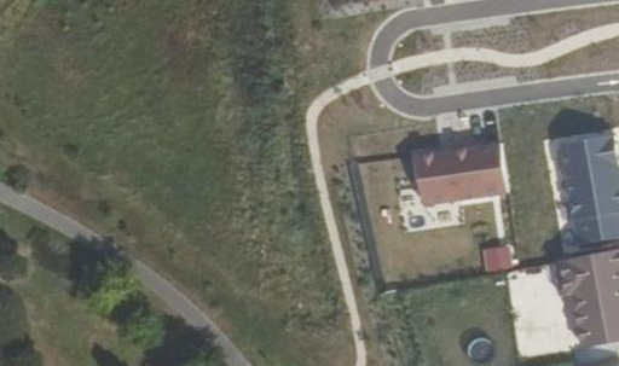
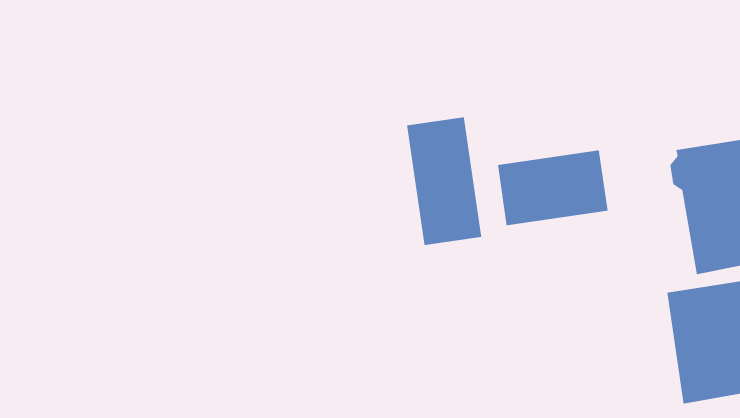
building: none -> [407,117,482,246]

